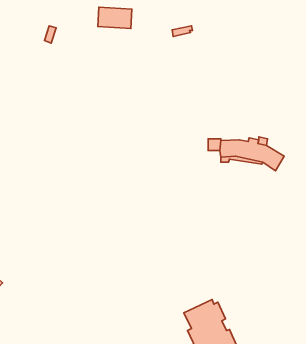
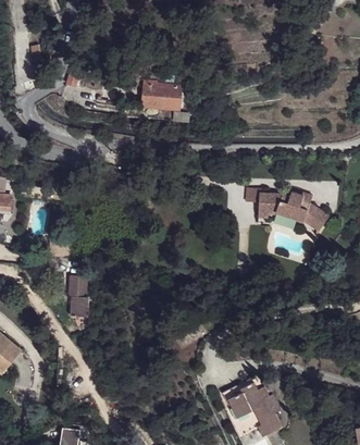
building: [98,7,132,29] -> [142,85,181,109]
building: none -> [69,276,89,318]

